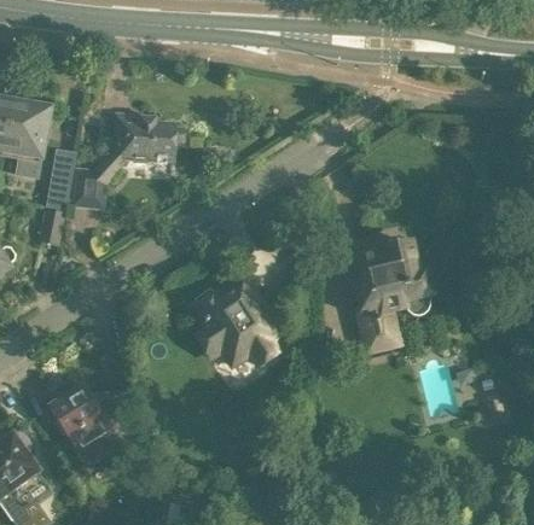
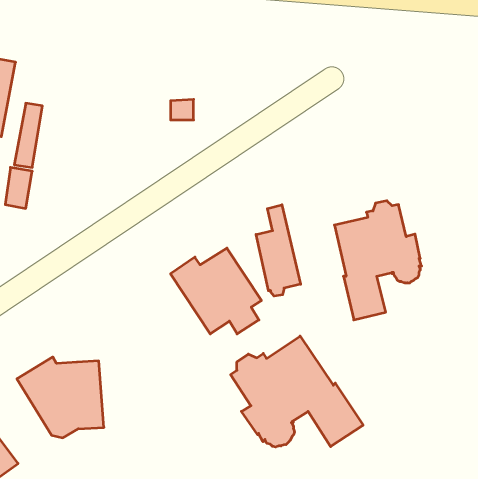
building: [68,115,181,206] -> none
building: none -> [256,205,301,296]
building: none -> [231,336,363,447]

